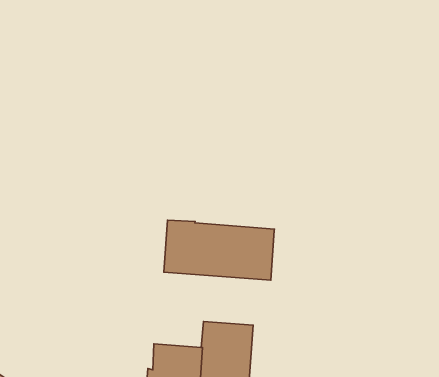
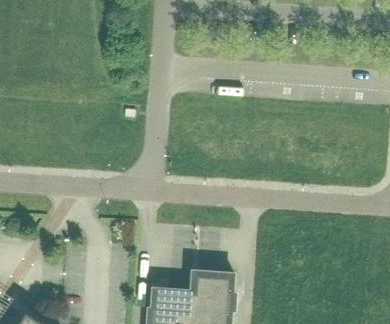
building: [164,220,275,280] -> none

